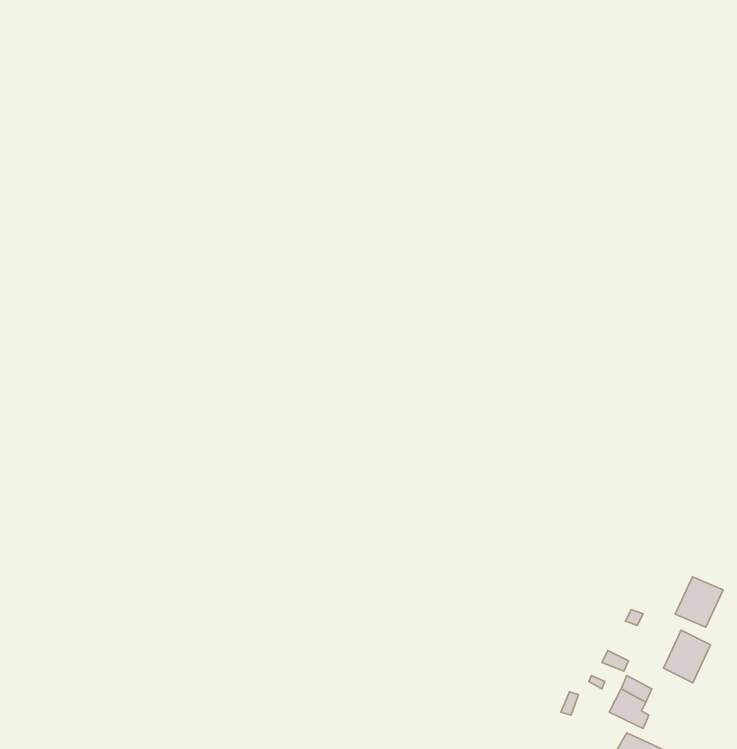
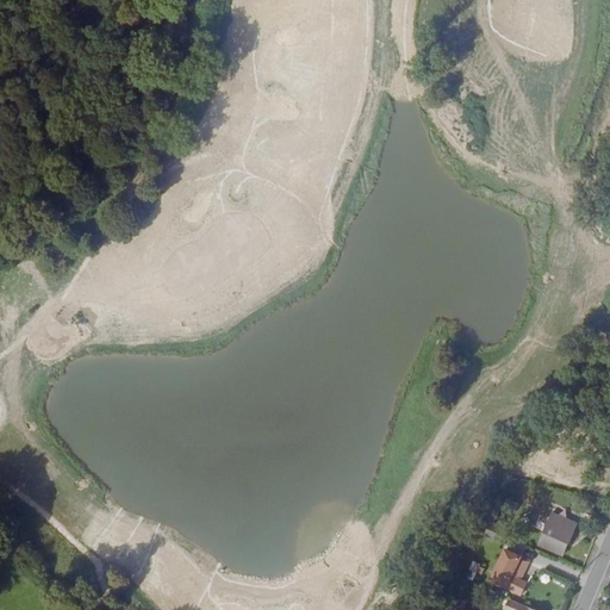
building: [675,577,723,627] -> none

